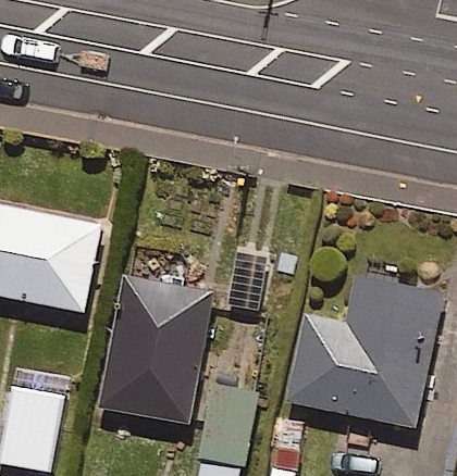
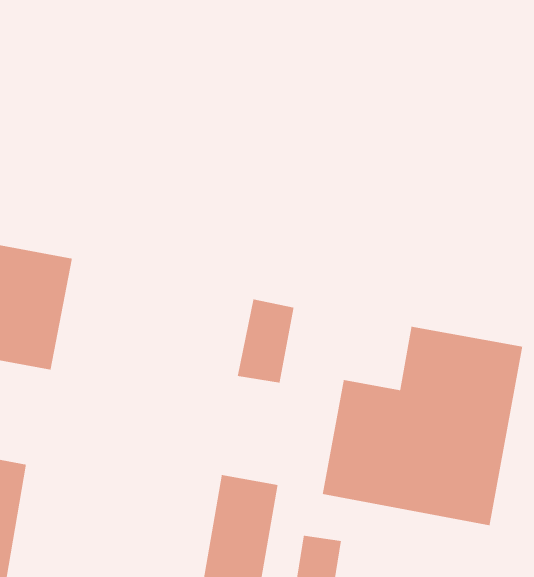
building: [99,277,213,424] -> none

